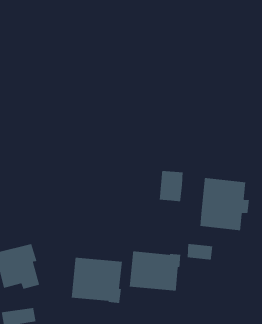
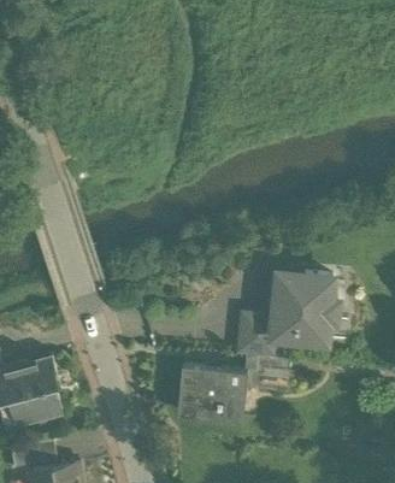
building: [159,170,184,202] -> [241,316,273,358]
building: [71,257,123,304] -> none

